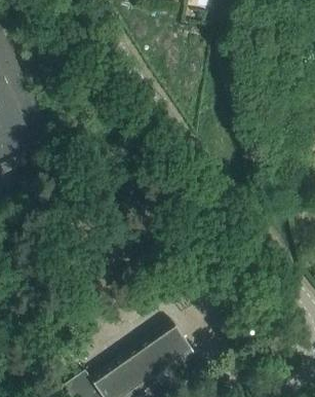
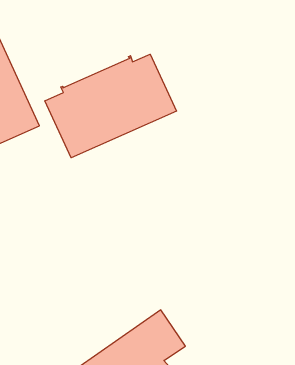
building: none -> [45,54,177,158]

